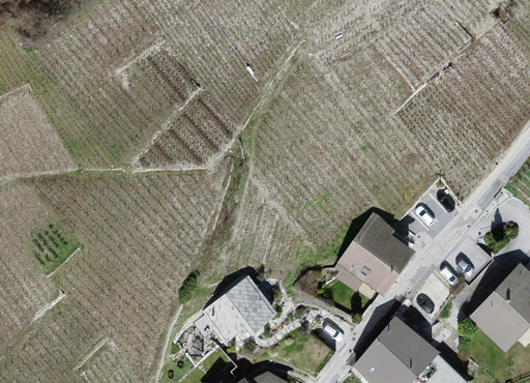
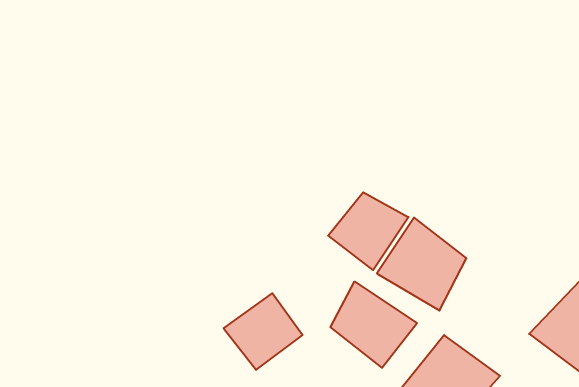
building: none -> [328,192,409,270]
building: none -> [330,282,417,368]

